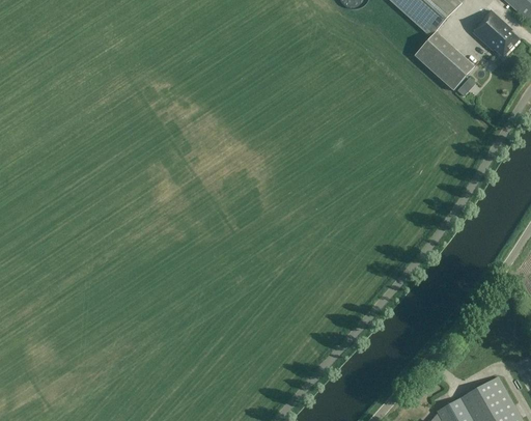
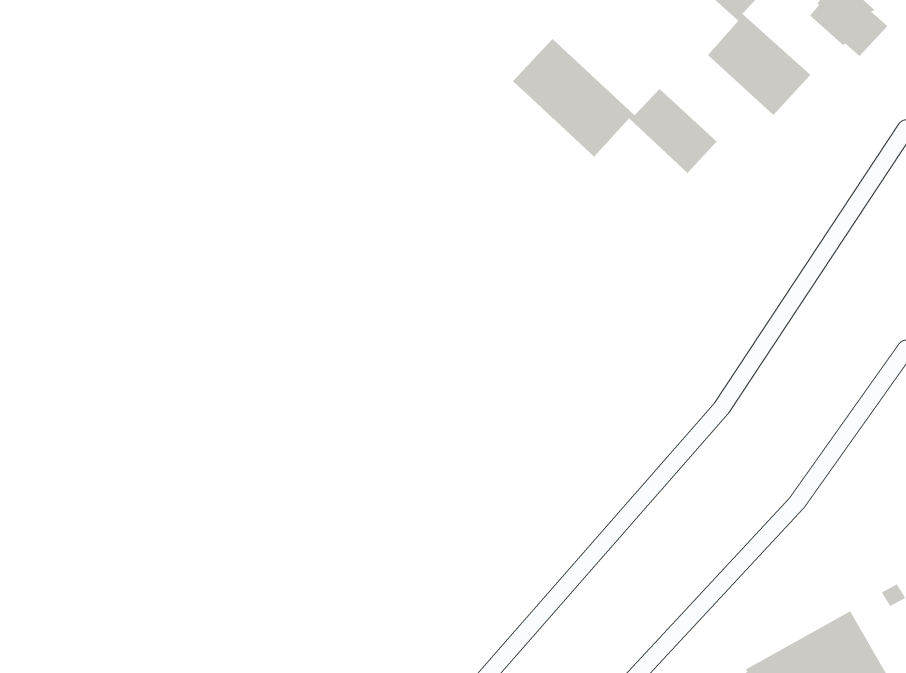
building: none -> [512,38,717,174]

